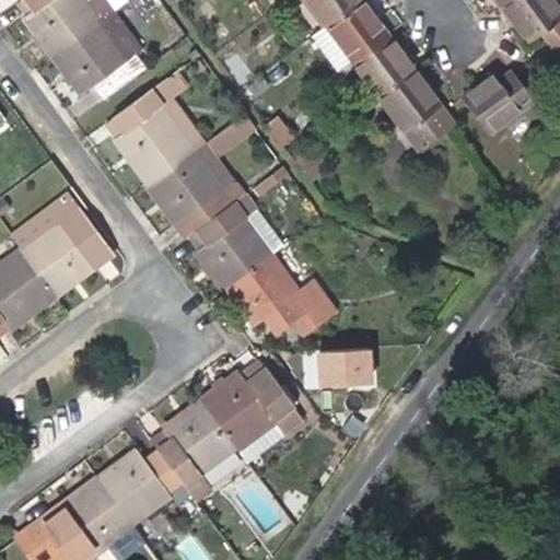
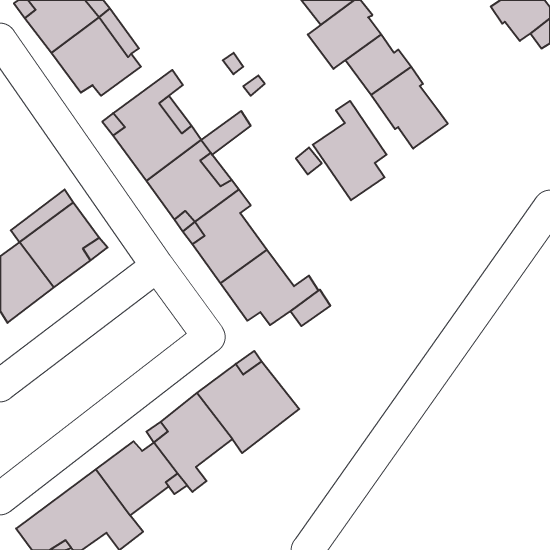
building: [458,72,529,136] -> none
building: none -> [313,101,387,200]
building: [323,343,383,384] -> none

